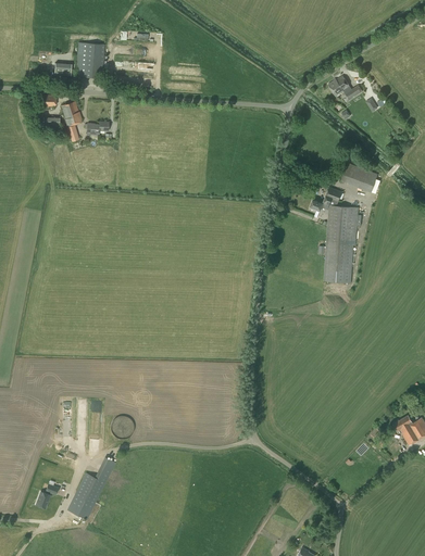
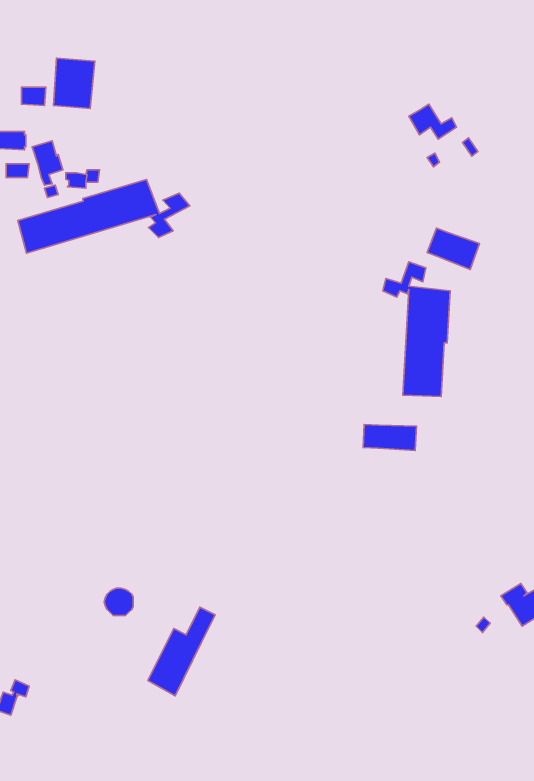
building: none -> [18,179,190,253]
building: none -> [363,424,417,451]
building: [67,457,115,520] -> [148,607,215,696]

